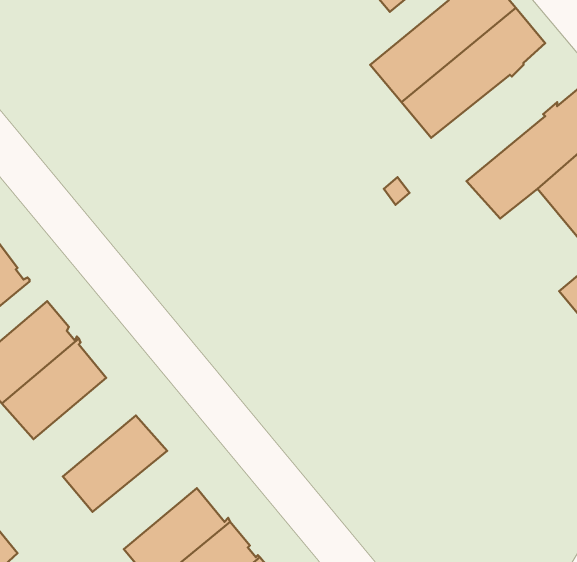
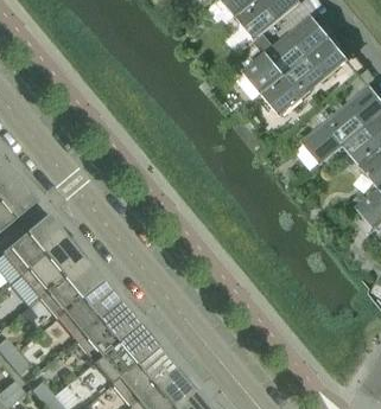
building: none -> [39,260,101,319]
building: none -> [75,303,138,363]

